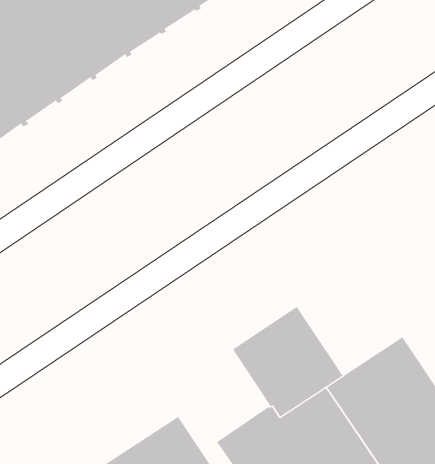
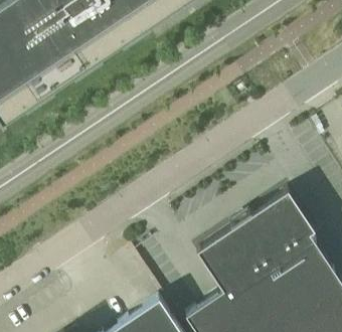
building: none -> [241,191,315,270]

